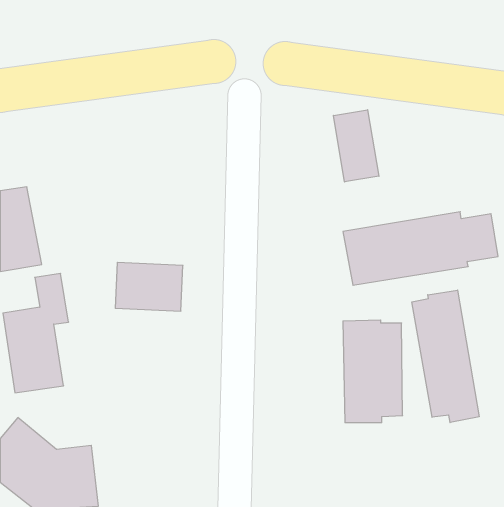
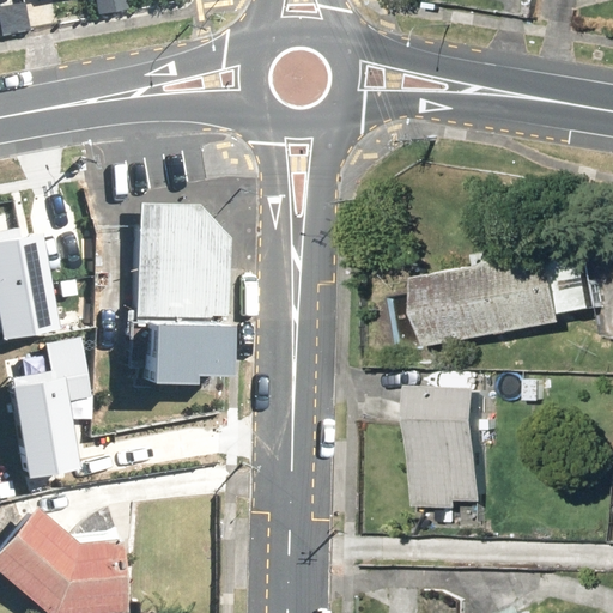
building: [333,110,379,182] -> none
building: none -> [134,199,224,316]
building: [412,290,479,423] -> none

